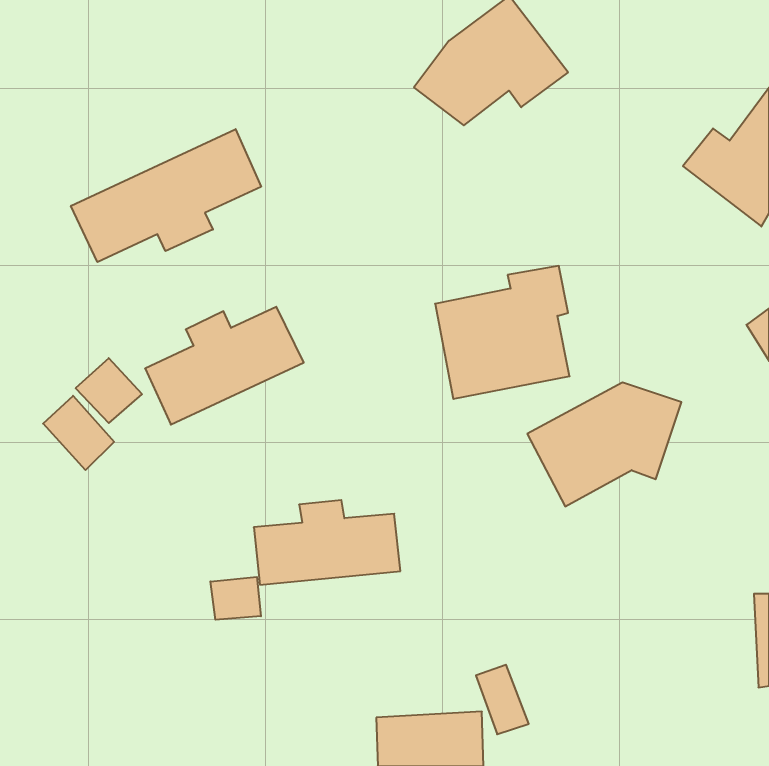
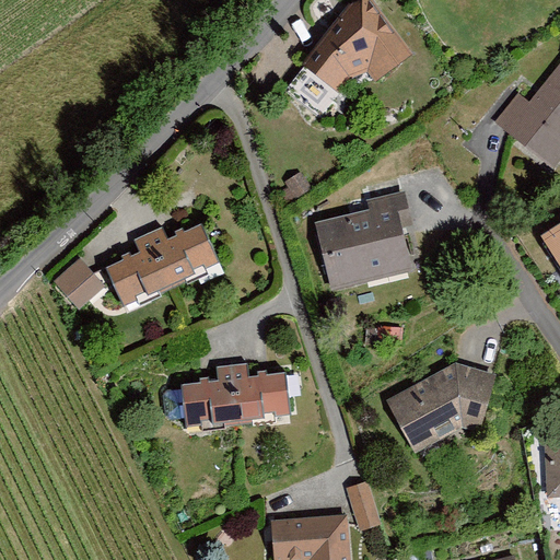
building: [71,129,261,262] -> none
building: [527,383,681,506] -> [388,363,500,453]
building: [43,396,114,470] -> none
building: [210,577,261,620] -> none

